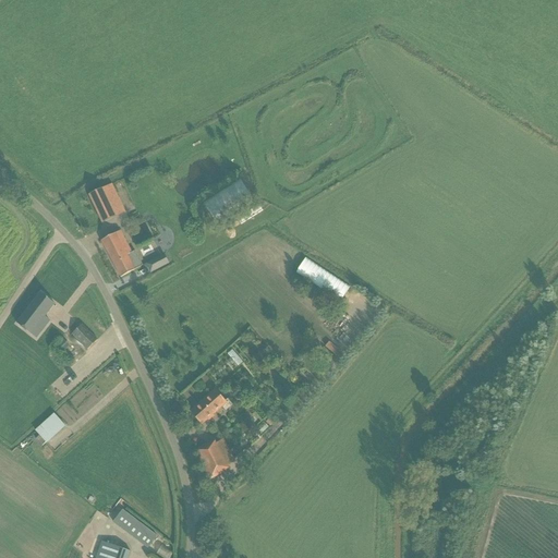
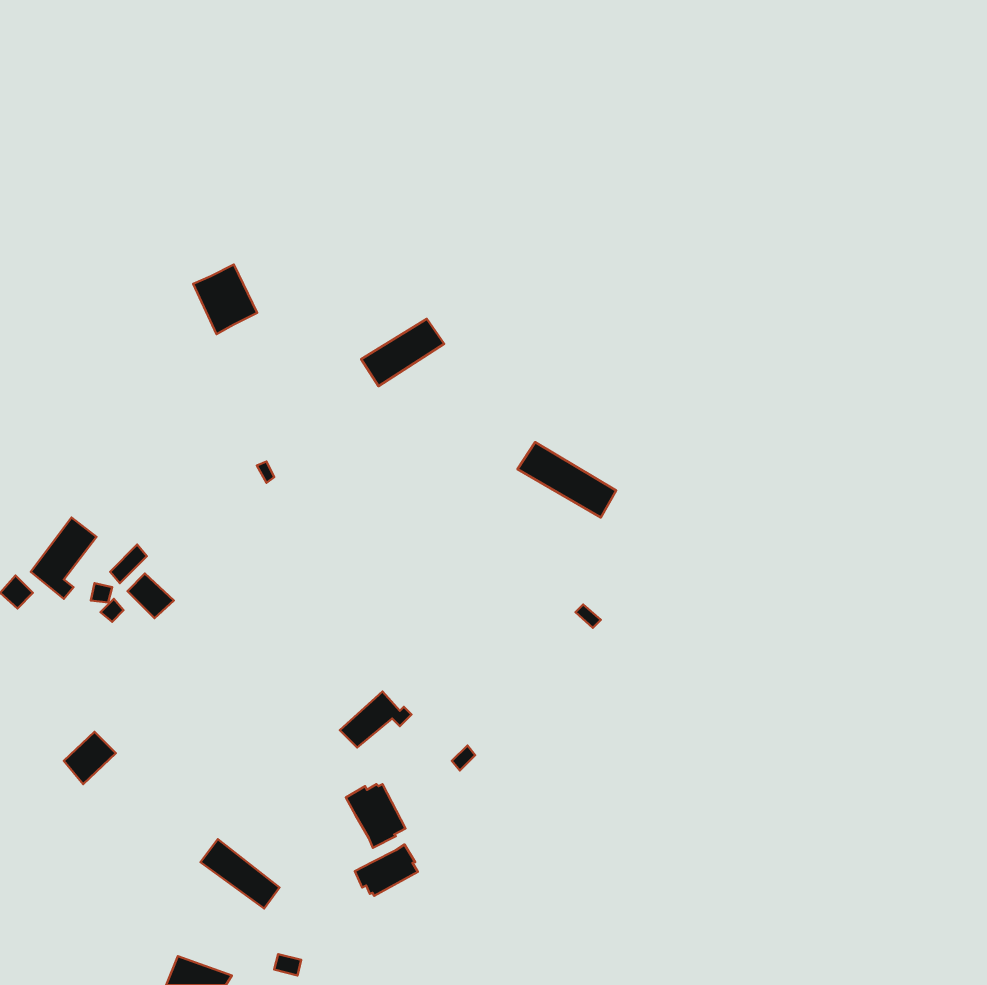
building: [89,183,125,222] -> [193,265,257,334]
building: [101,230,143,276] -> none
building: none -> [355,844,418,896]
building: [112,508,157,547] -> [200,839,280,909]

